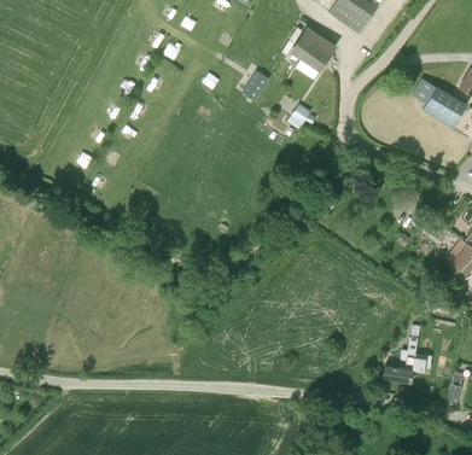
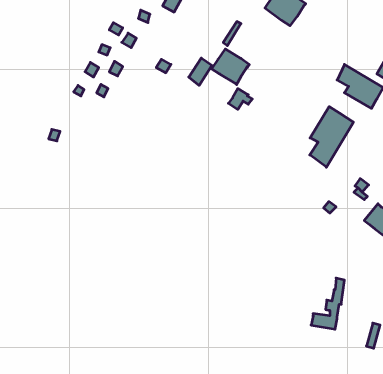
building: [291,29,334,70] -> [212,49,249,85]
building: none -> [310,107,353,167]

